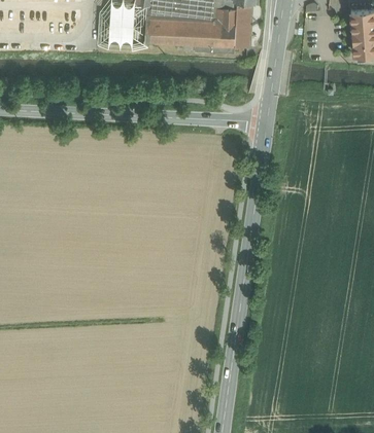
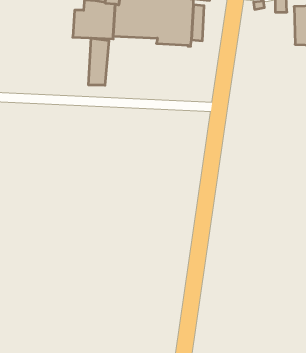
building: none -> [89,38,109,85]

